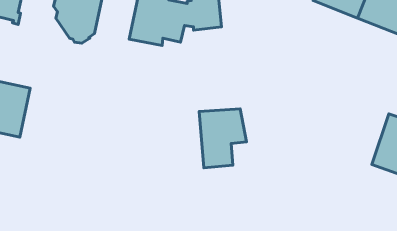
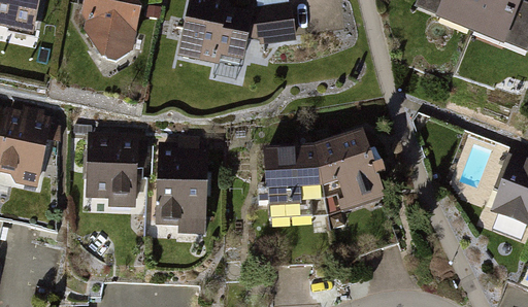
building: none -> [320,130,386,211]
building: none -> [87,136,137,208]
building: none -> [155,143,207,231]

